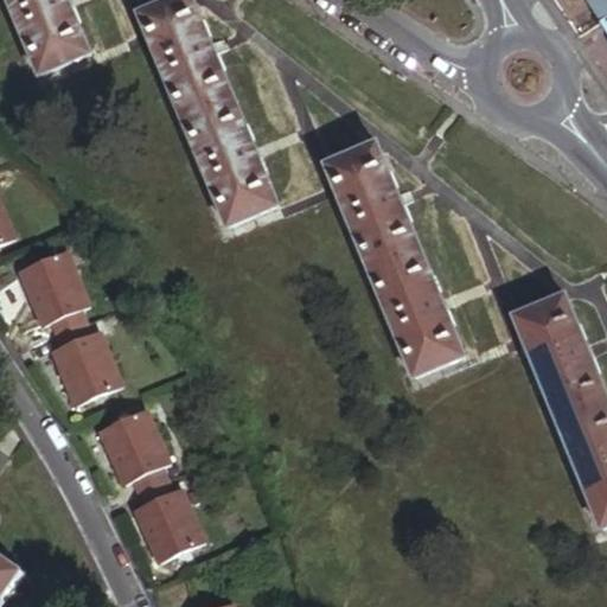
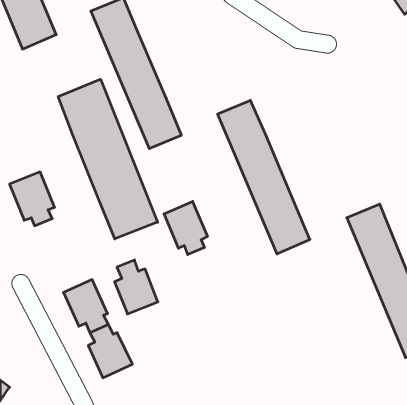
building: none -> [58,79,158,239]
building: none -> [164,201,207,255]
building: [52,322,116,402] -> [115,260,158,314]

